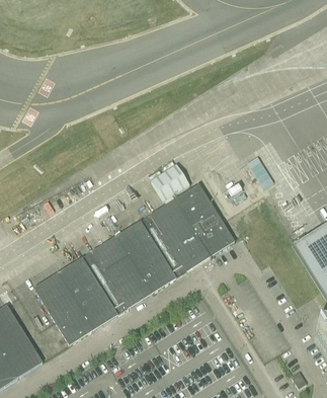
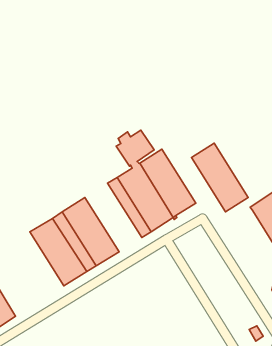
building: [117,219,178,292] -> [191,143,248,212]
building: [35,270,95,343] -> none

